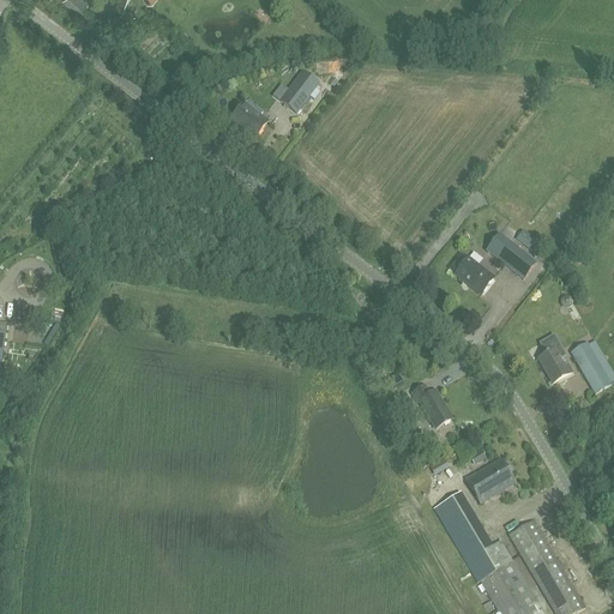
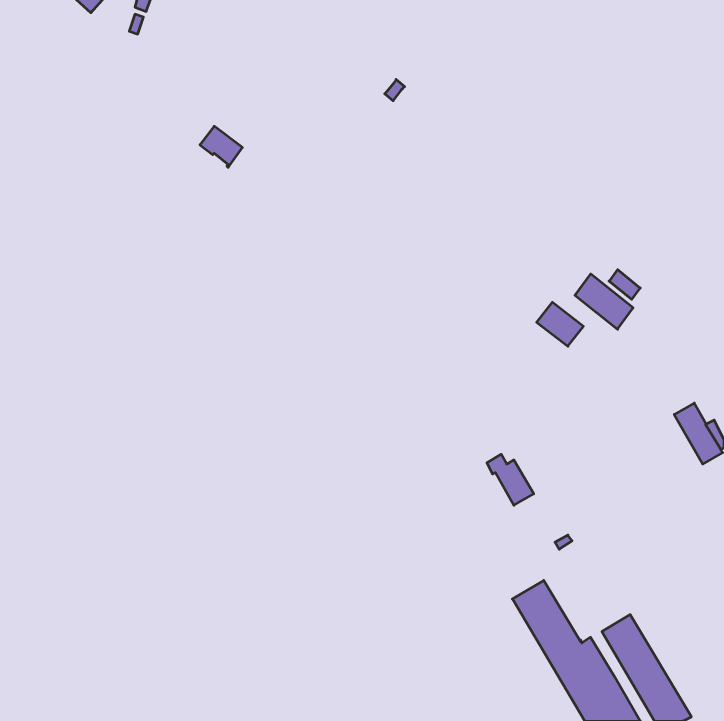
building: [279,70,318,110] -> none
building: [230,101,266,136] -> [200,126,242,167]
building: [537,335,572,381] -> none
building: [465,457,513,501] -> none

